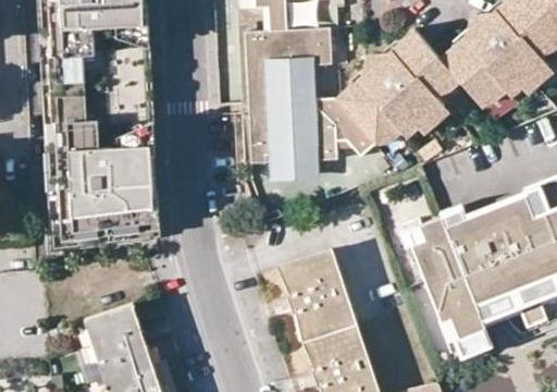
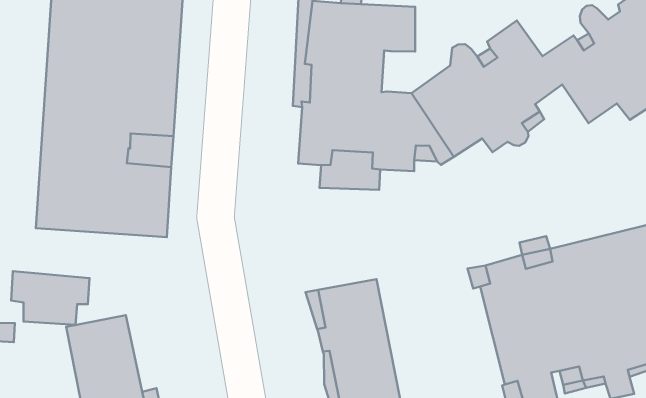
building: none -> [11,271,89,325]

